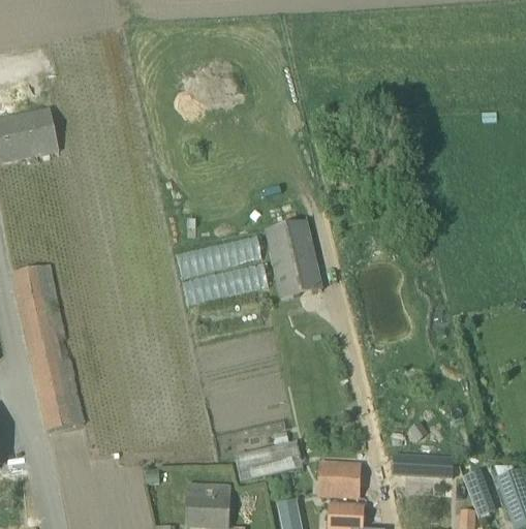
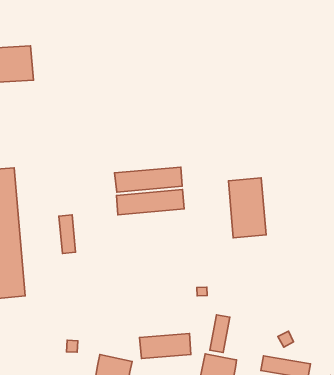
building: [266,220,321,300] -> [229,178,266,238]
building: none -> [59,215,75,254]
building: none -> [210,315,230,352]

